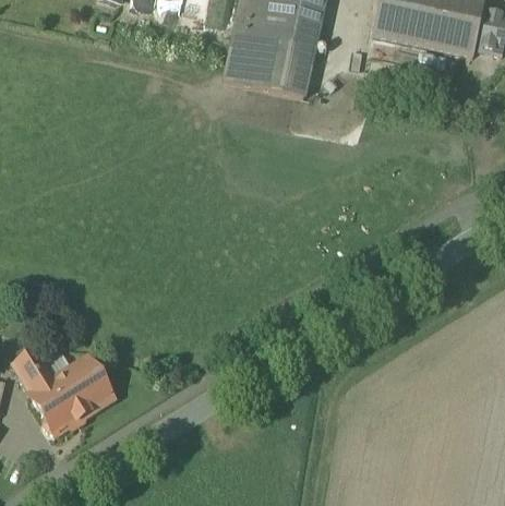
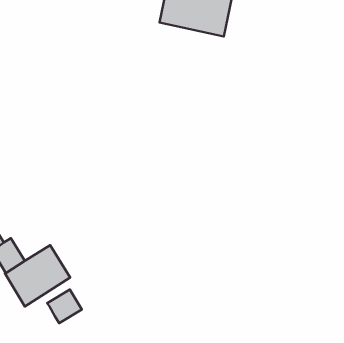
building: none -> [47,289,82,323]

